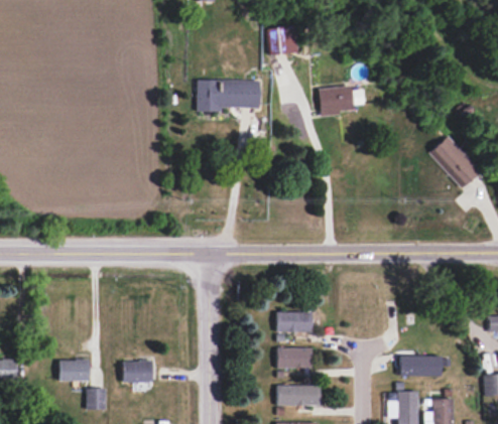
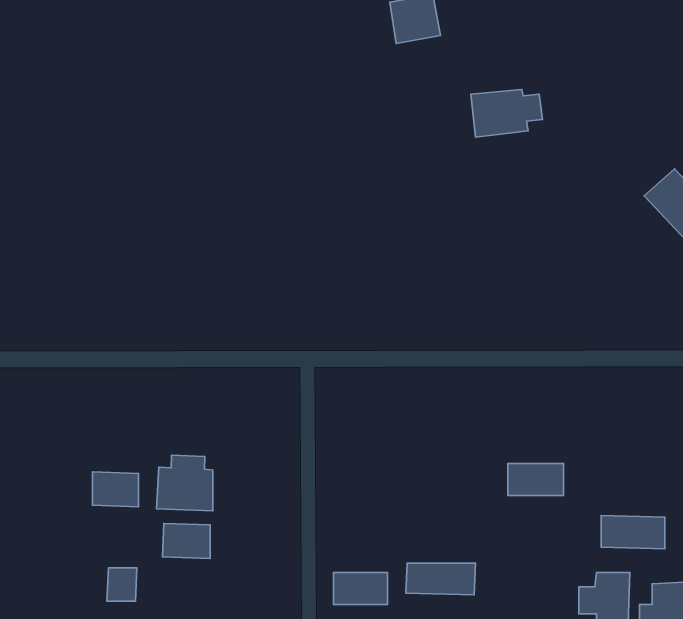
building: [198,81,260,112] -> none
building: [277,312,313,332] -> [508,464,564,495]
building: none -> [157,455,213,511]
building: [278,348,313,369] -> [333,573,387,604]
building: [60,360,90,382] -> [92,472,139,507]

